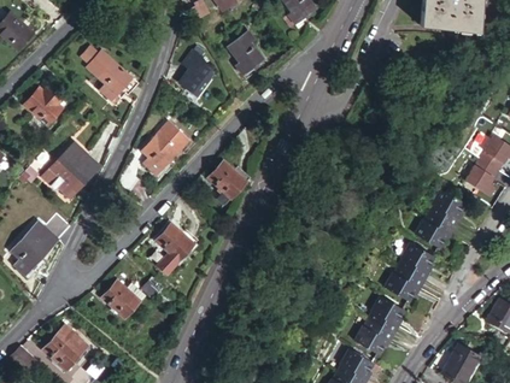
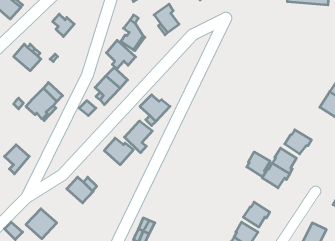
building: [95,59,137,100] -> [106,40,136,68]
building: [430,189,467,226] -> none
building: none -> [124,121,152,153]
building: [27,214,69,251] -> none
building: [371,295,405,331] -> [247,152,270,177]

